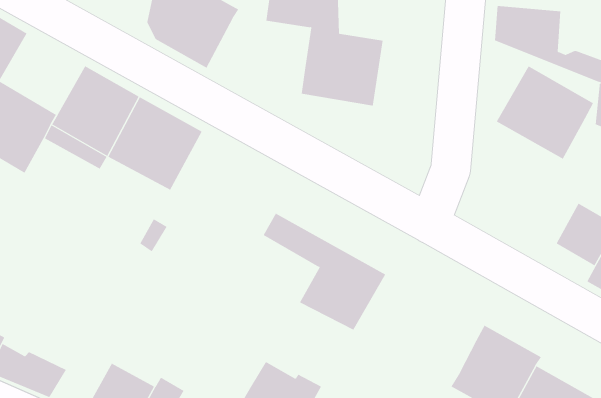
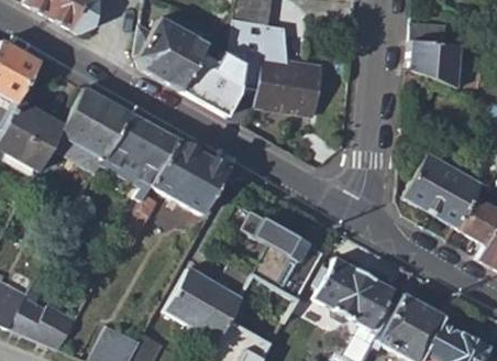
building: none -> [183,51,264,116]
building: [496,65,594,159] -> [404,154,481,228]
building: none -> [154,140,230,215]
building: none -> [313,256,394,330]
building: none -> [167,262,255,340]

